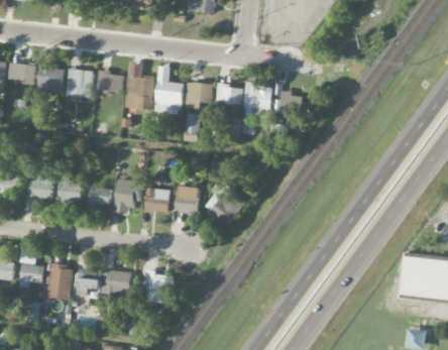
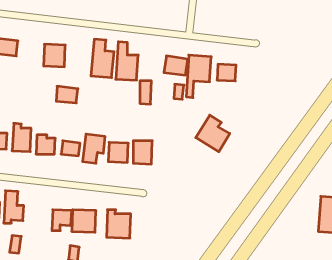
building: [37,66,65,94] -> none
building: [97,72,123,92] -> [56,86,78,103]
building: [184,83,210,109] -> none
building: [202,182,243,226] -> [196,115,230,152]
building: [46,264,73,300] -> none

